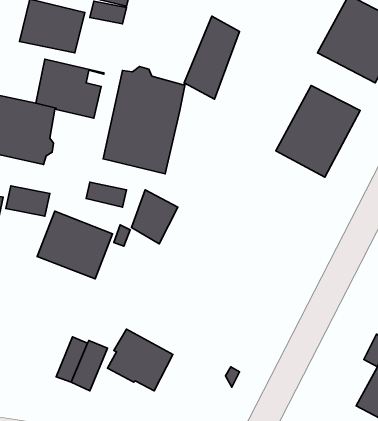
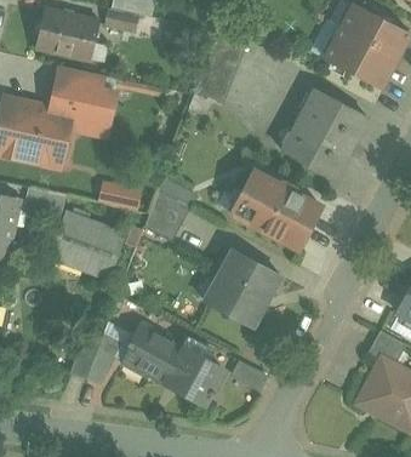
building: [103,66,185,174] -> none
building: none -> [229,171,320,250]
building: none -> [202,250,279,327]
building: none -> [165,339,223,406]

